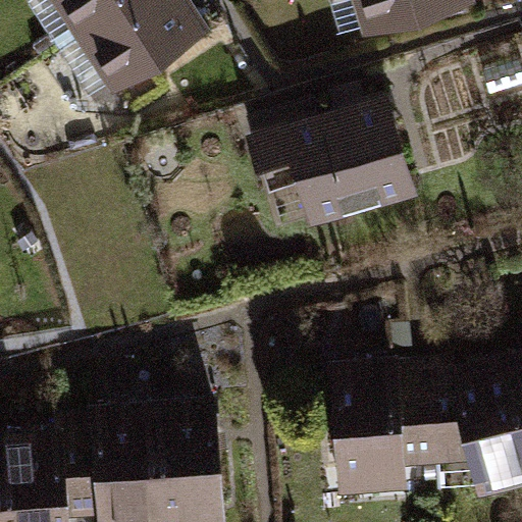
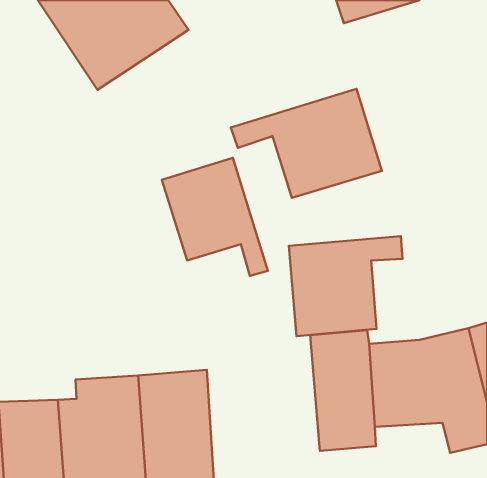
building: none -> [162,158,268,276]
building: none -> [289,236,402,336]

